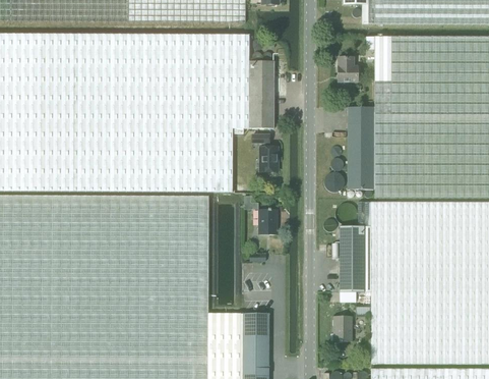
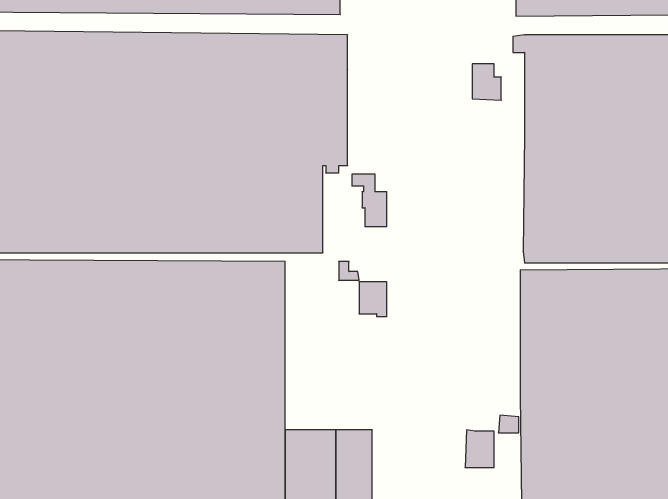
building: [250,61,274,128] -> none
building: [347,107,374,188] -> none
building: [340,202,371,290] -> none

